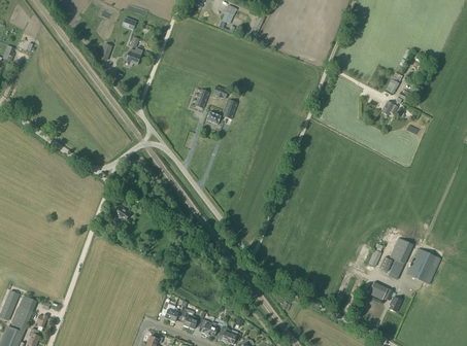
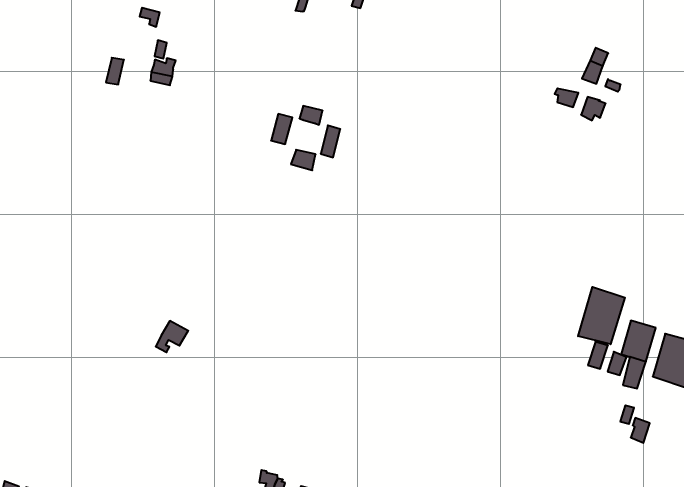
building: none -> [578,287,625,344]

